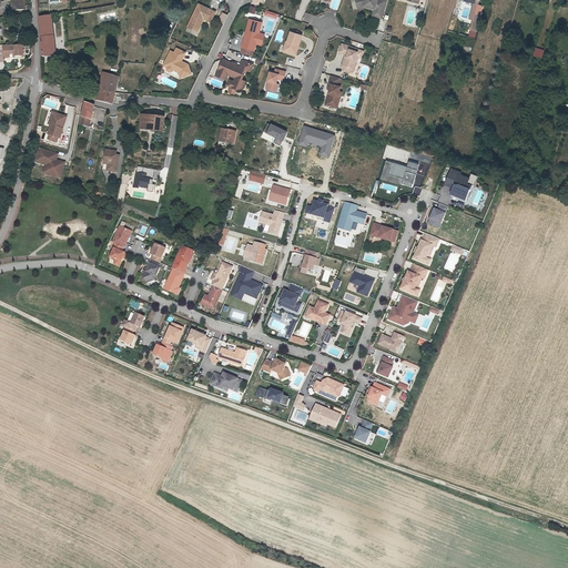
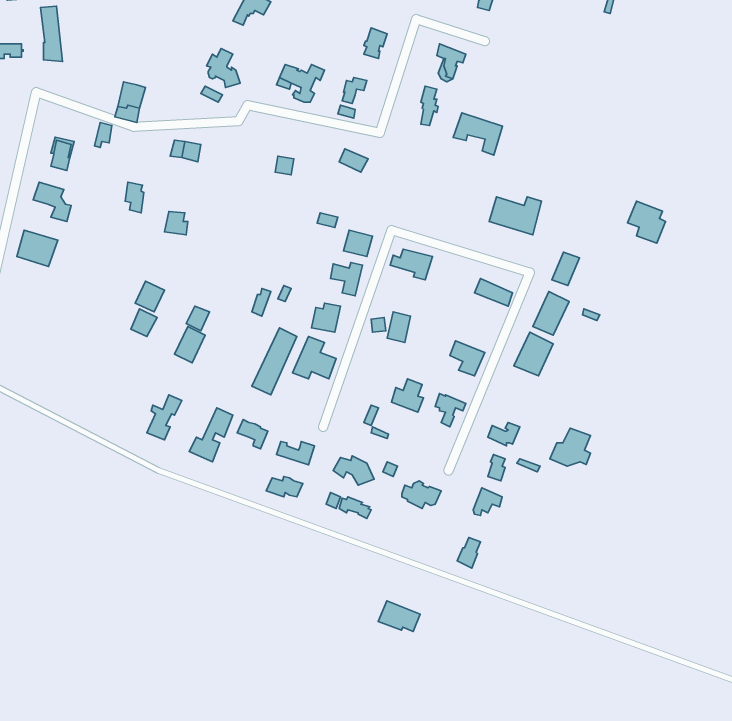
building: [239,18,262,54] -> none
building: [297,124,335,156] -> [453,113,503,155]
building: [444,168,473,200] -> [628,201,665,243]
building: none -> [17,230,58,267]
building: [336,201,366,232] -> none
building: [162,245,195,293] -> none
building: [277,283,304,313] -> none
building: [387,295,418,324] -> [550,428,590,466]
building: [307,404,339,427] -> [378,601,420,632]

